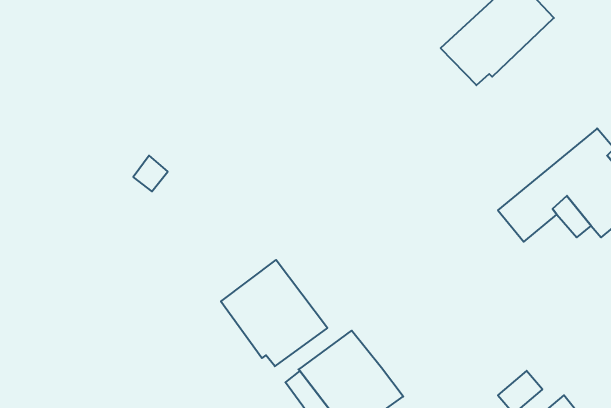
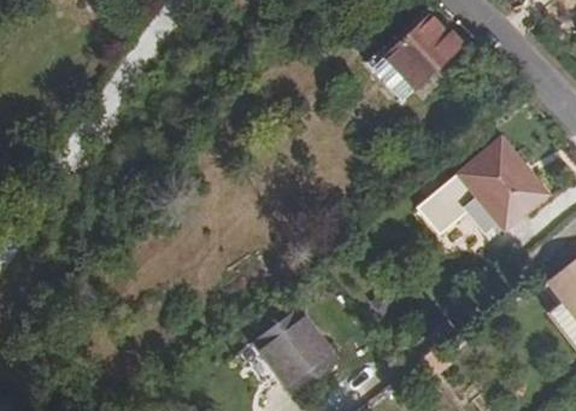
building: [221,260,327,366] -> none

